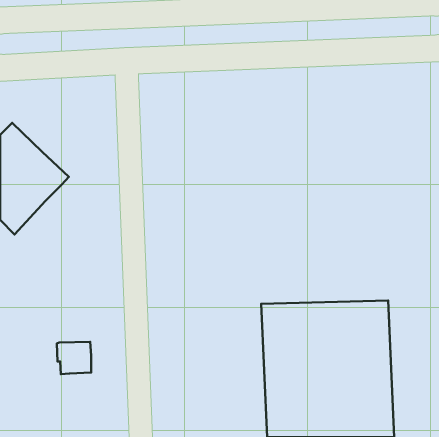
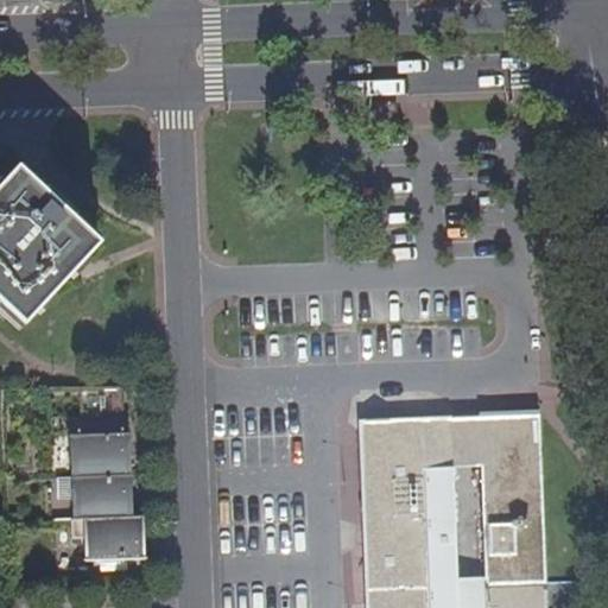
building: none -> [78,431,125,474]
building: none -> [93,515,139,559]

